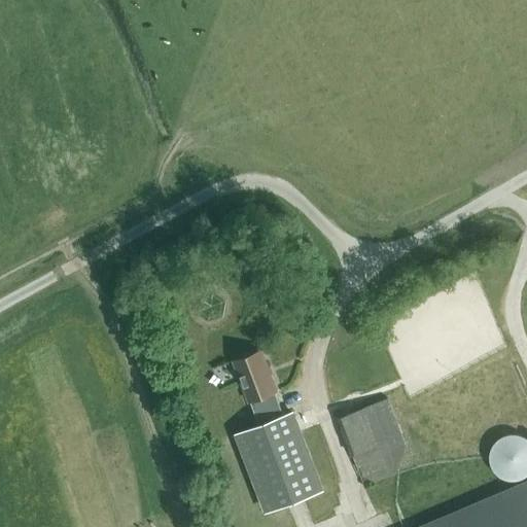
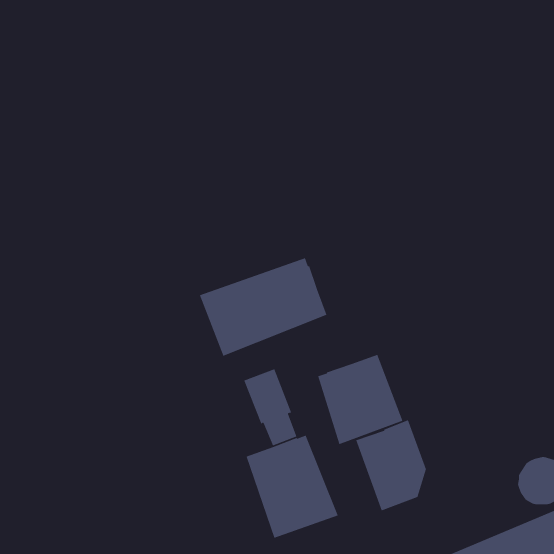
building: none -> [199,257,328,357]
building: none -> [317,354,404,445]

